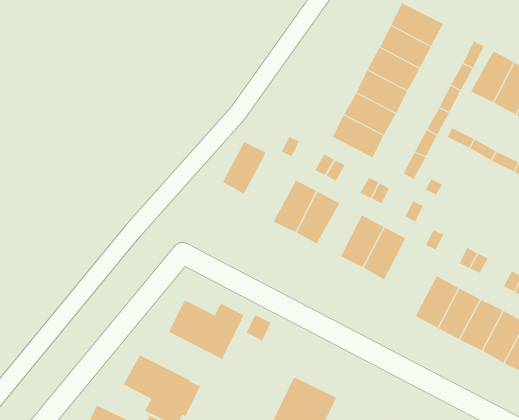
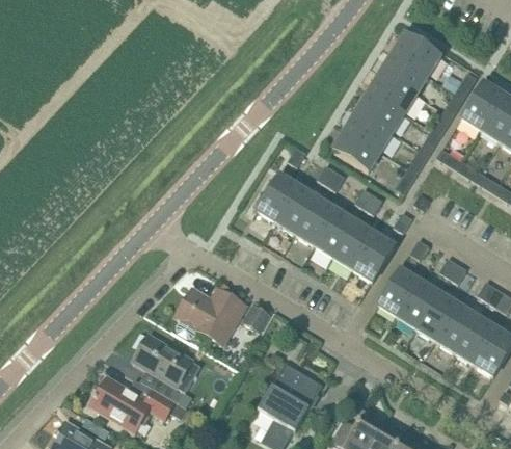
building: [222,141,267,195] -> [258,175,299,222]
building: none -> [315,210,356,258]
building: none -> [379,269,420,316]

